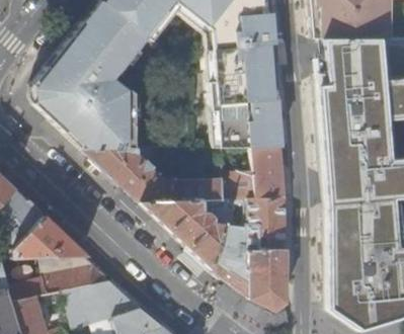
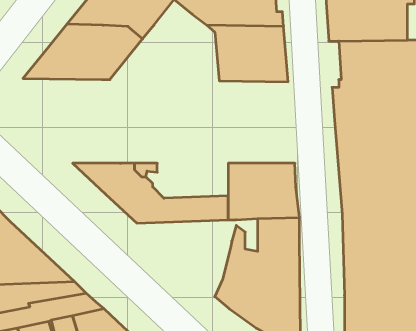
building: [32,73,129,149] -> none
building: [212,75,285,149] -> none
building: [143,199,232,268] -> none

